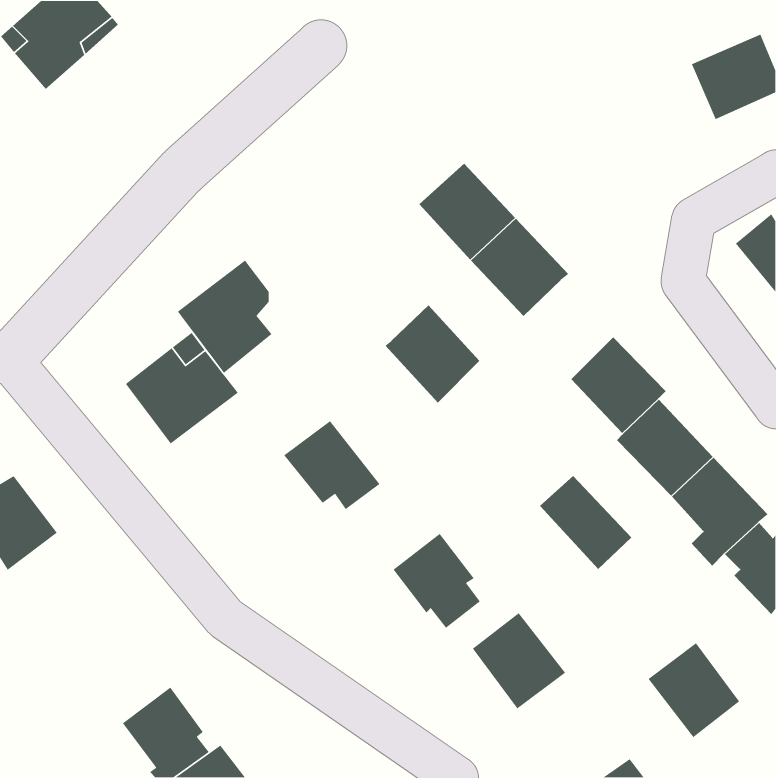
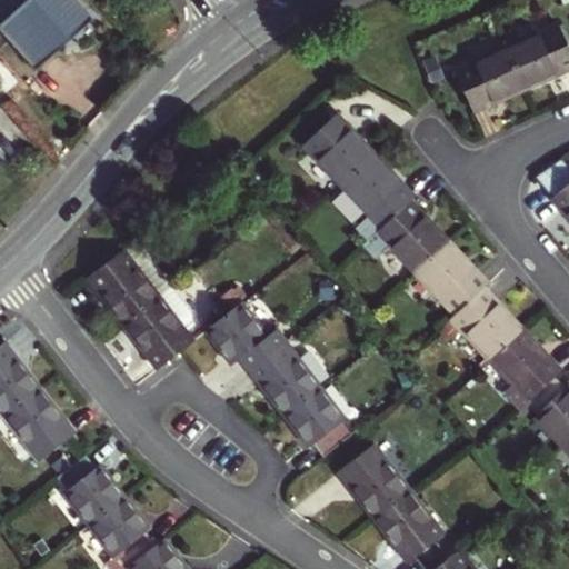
building: none -> [456,47,522,109]
building: [177,260,273,374] -> [124,287,194,370]
building: [384,304,480,403] -> [378,204,448,277]
building: none -> [252,346,321,416]
building: [539,475,632,570] -> none
building: none -> [6,389,76,461]
building: none -> [59,458,124,528]
building: [647,642,740,738] -> [378,491,446,561]

